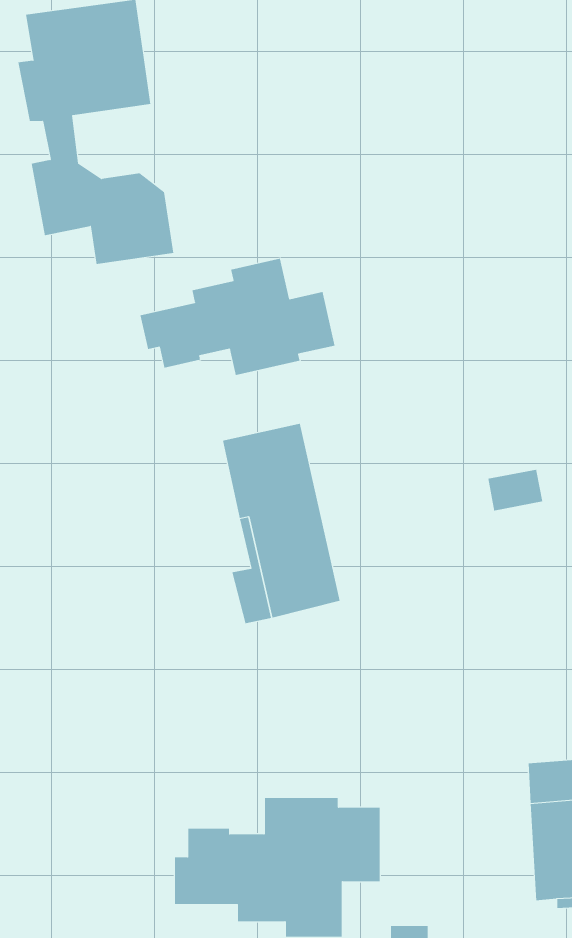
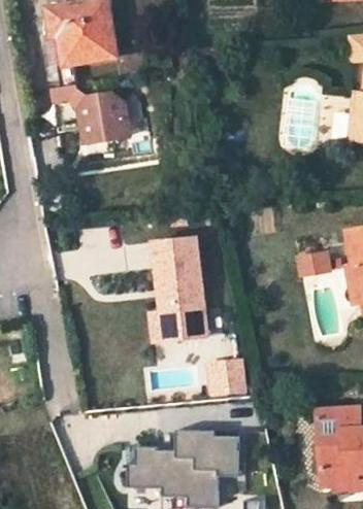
building: [140,258,335,376] -> none
building: none -> [203,357,245,397]

